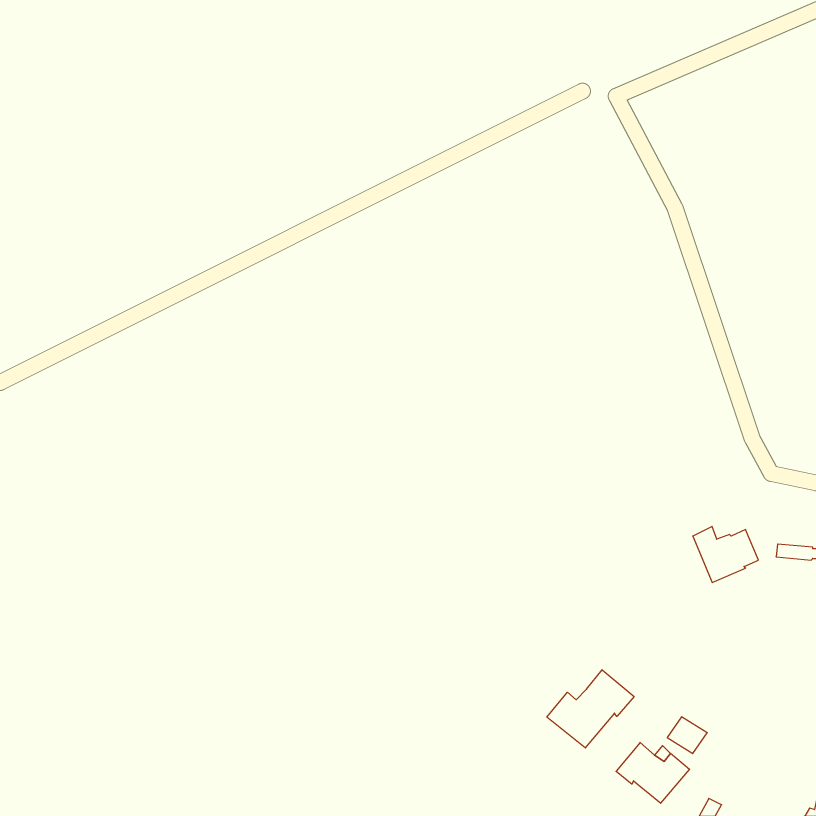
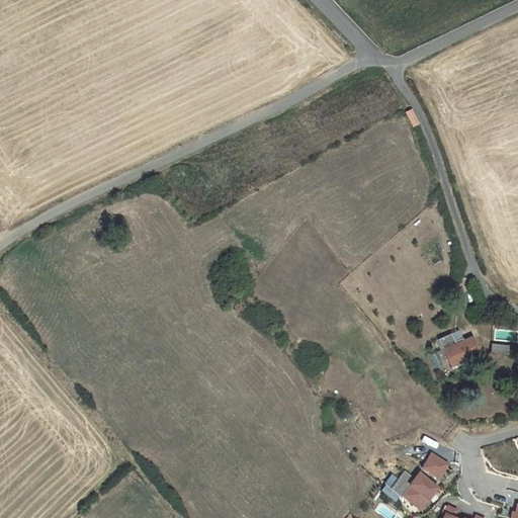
building: [547,670,634,748] -> none

